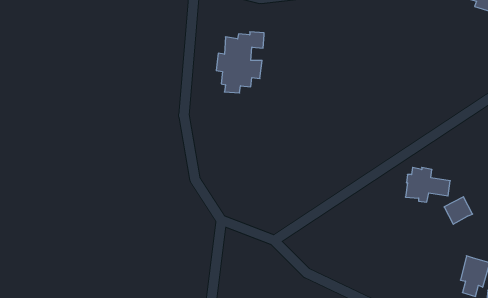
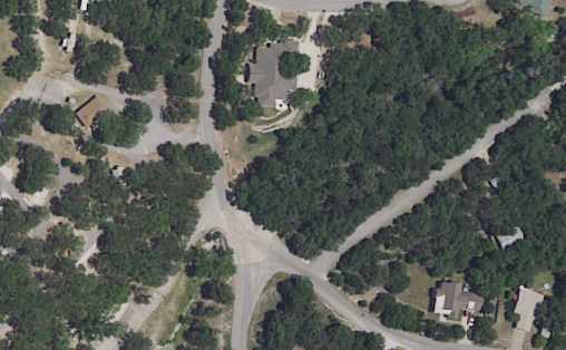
building: none -> [76,94,109,134]
building: [405,167,450,202] -> [433,280,482,318]

